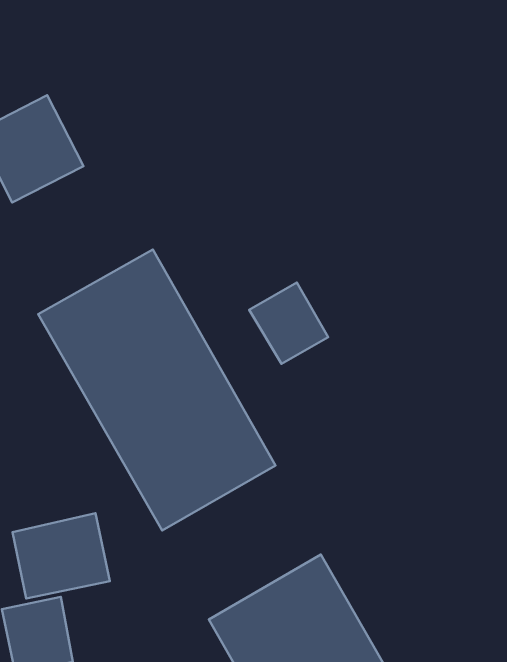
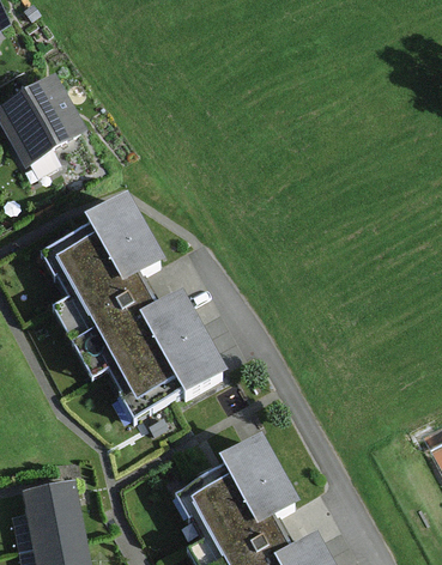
building: [249,282,328,364] -> none
building: [13,513,110,599] -> none

